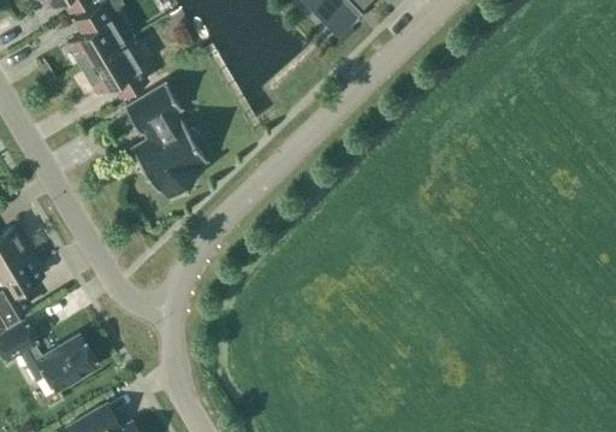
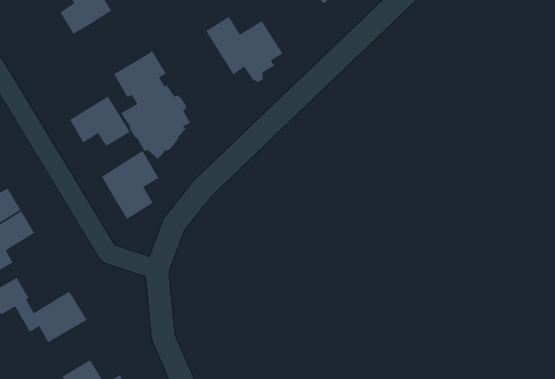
building: [82,41,147,95] -> [69,95,131,147]
building: none -> [205,16,284,83]
building: none -> [101,150,160,220]

